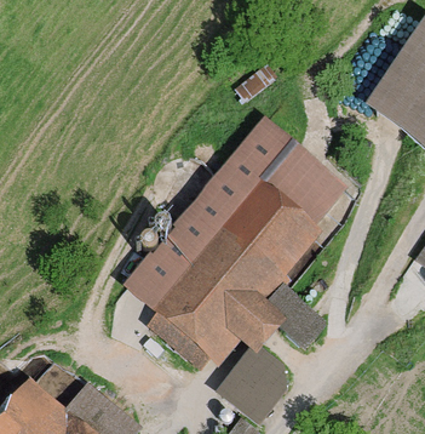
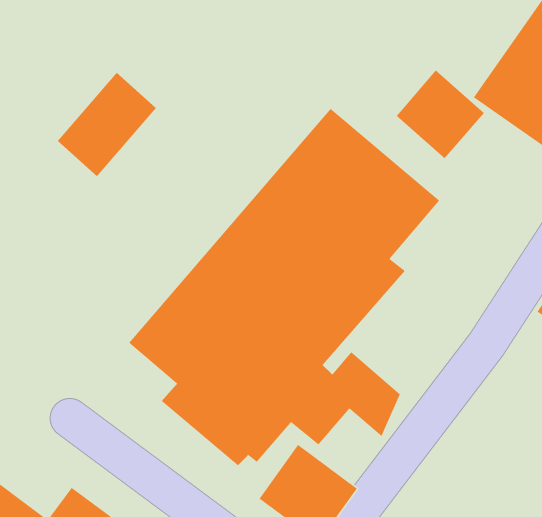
building: none -> [396,70,485,159]
building: none -> [57,72,157,177]

